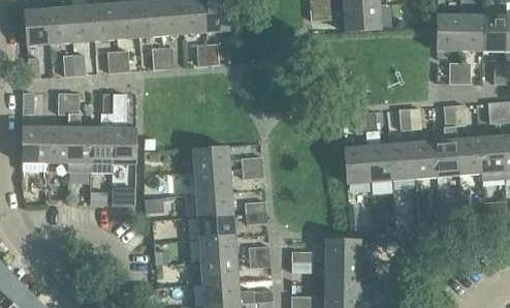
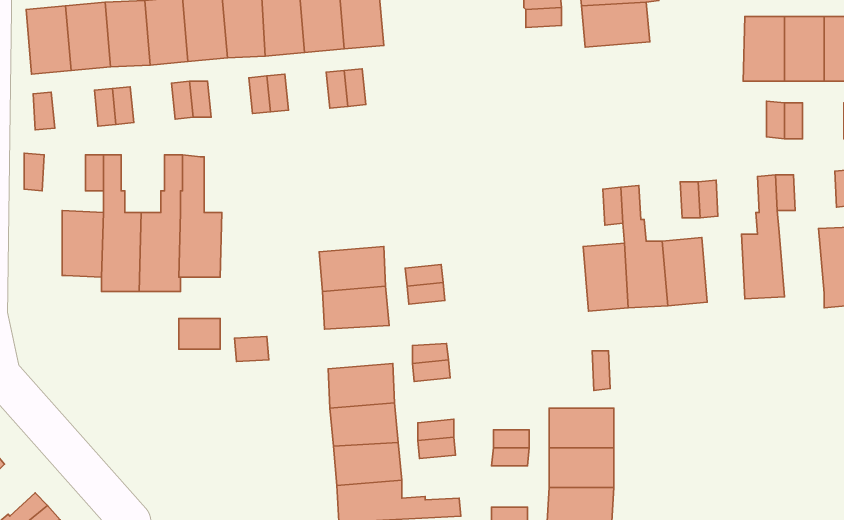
building: [22,125,46,171] -> none
building: [456,135,482,175] -> none
building: [412,138,437,178] -> none
building: [195,191,234,216] -> none

